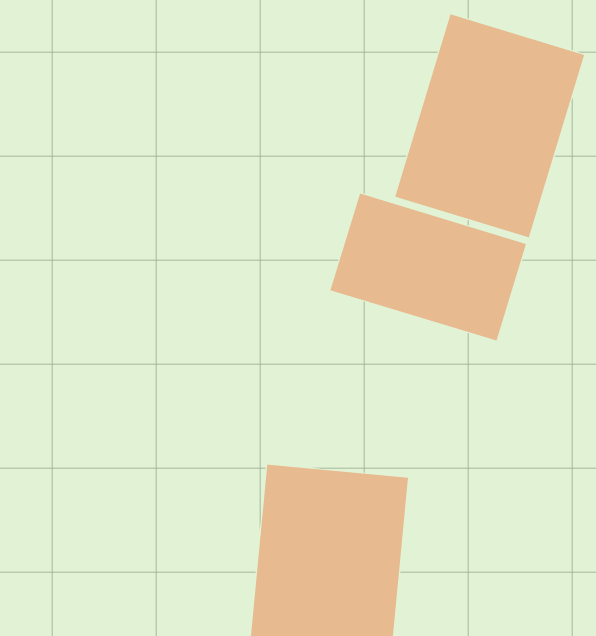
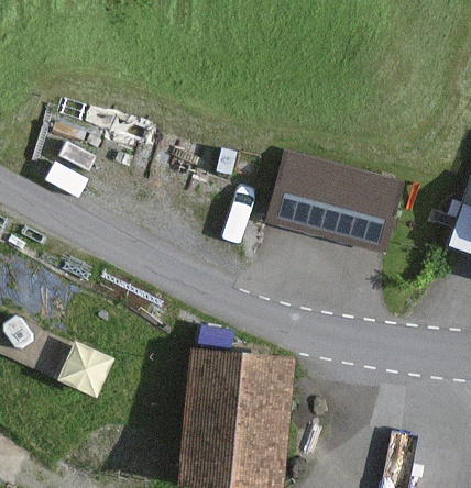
building: [394,13,585,238] -> none

